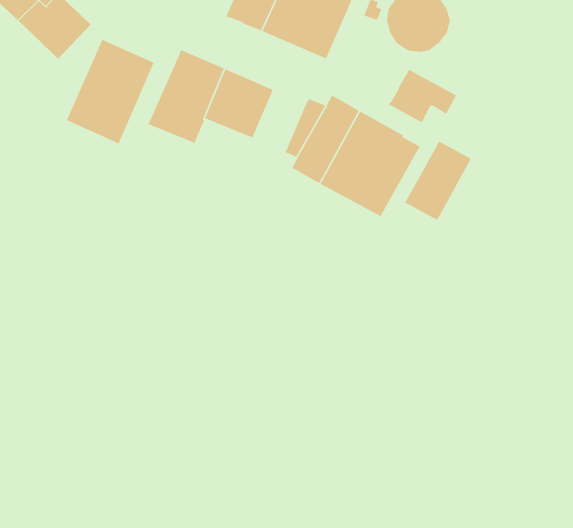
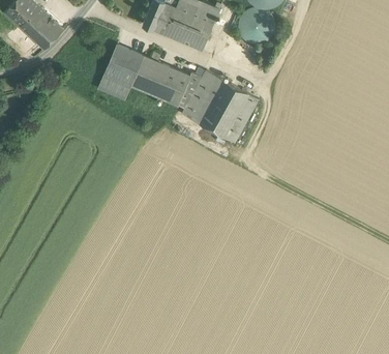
building: [66,39,155,144] -> none
building: [388,69,457,123] -> none
building: none -> [159,67,190,105]
building: [404,141,472,221] -> none

